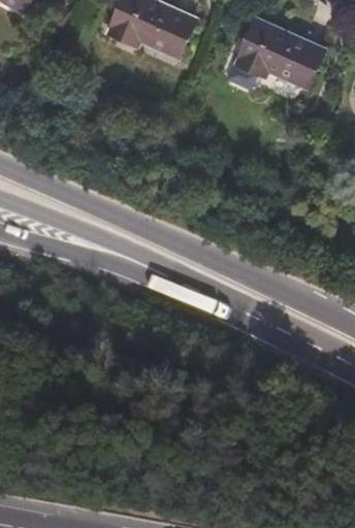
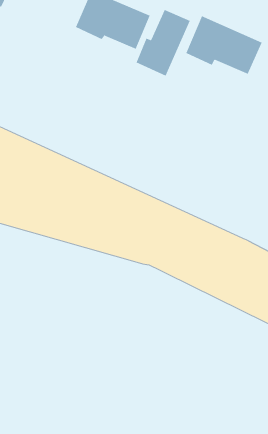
building: none -> [136,9,190,77]

